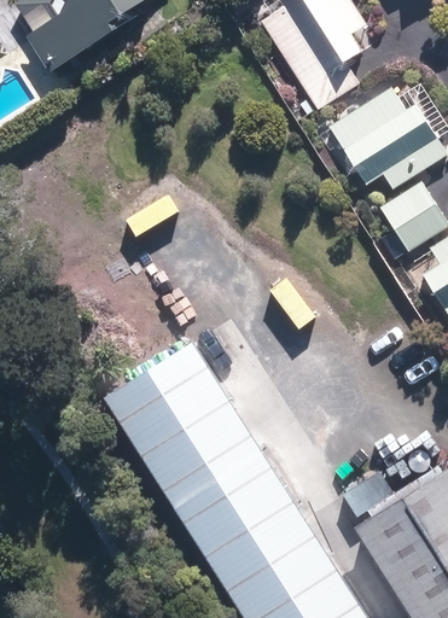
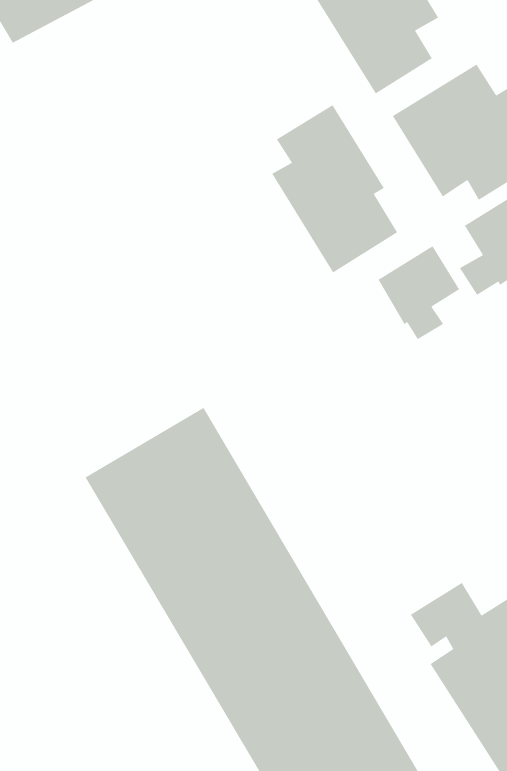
building: none -> [271,104,398,273]
building: none -> [378,245,460,340]

